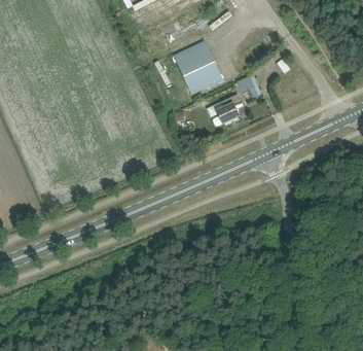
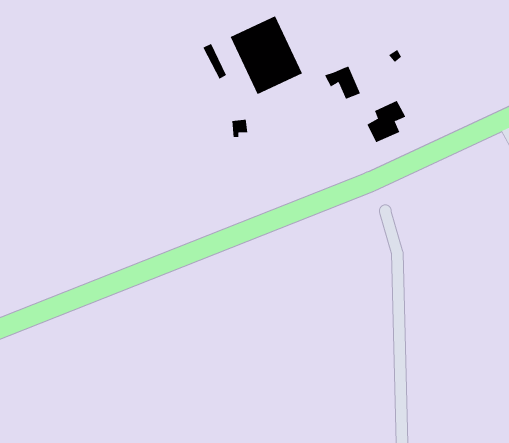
building: [216,94,243,122] -> [367,100,406,143]

